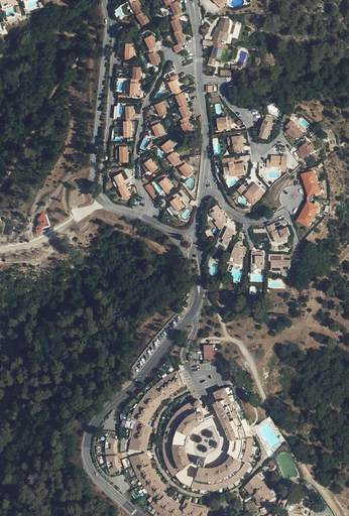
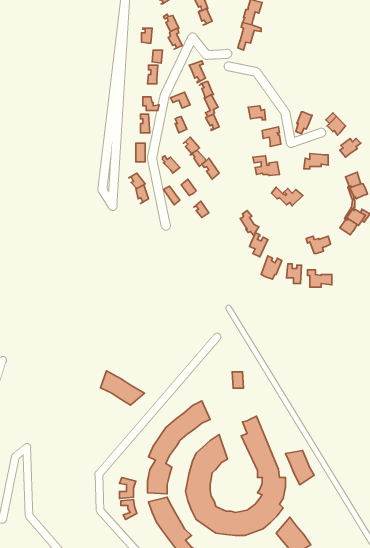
building: none -> [100,371,145,405]
building: none -> [285,451,314,485]

